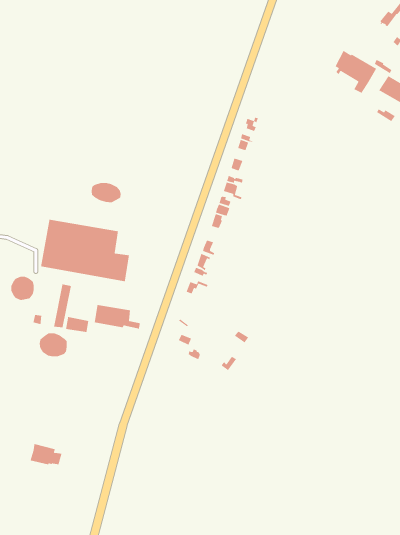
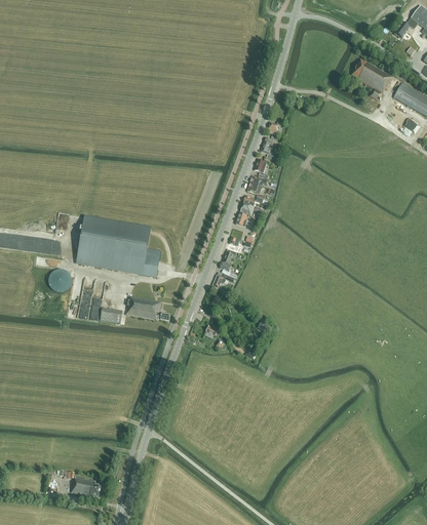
building: [91,182,122,203] -> none
building: [39,333,68,357] -> none
building: [30,443,62,465] -> [71,475,102,495]

